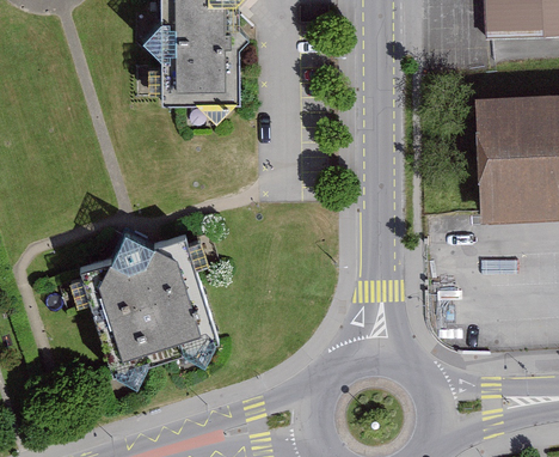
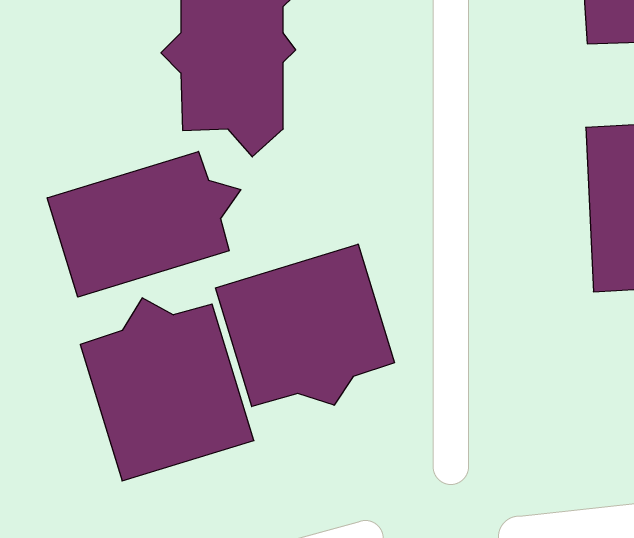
building: none -> [47,151,241,297]
building: none -> [215,244,394,407]

